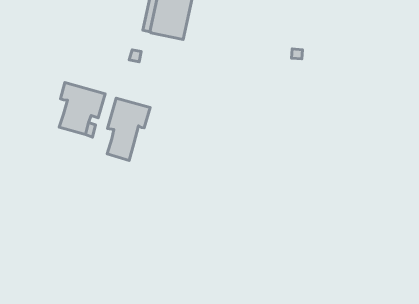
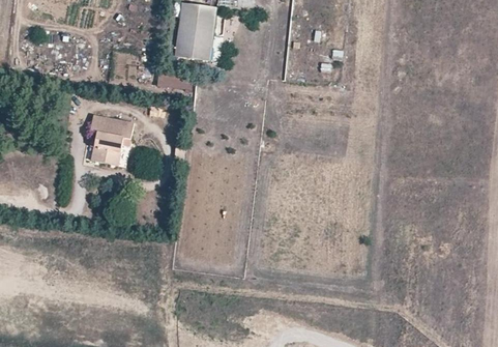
building: [107,98,150,160] -> none

